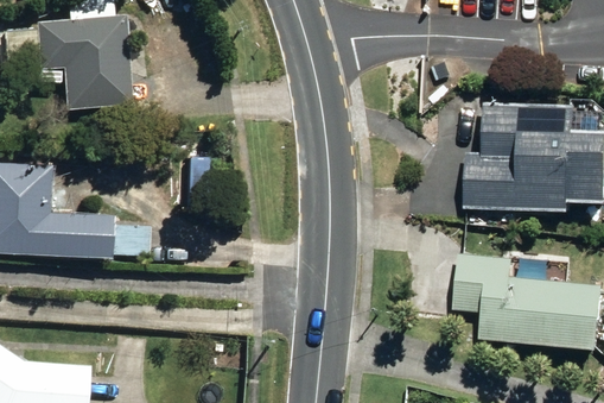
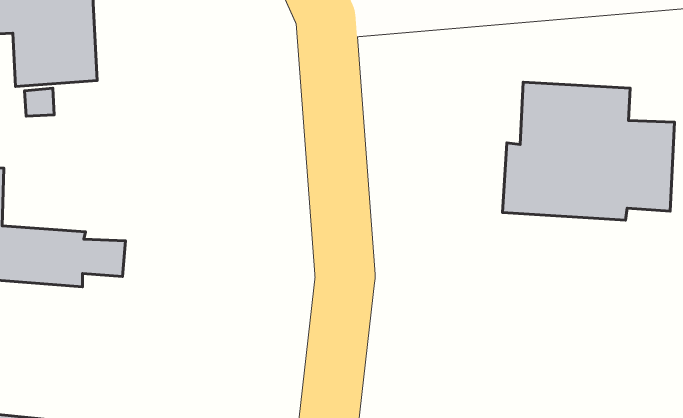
building: [447,251,591,350] -> none

